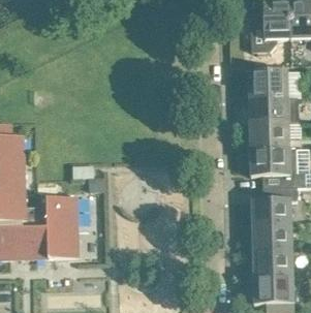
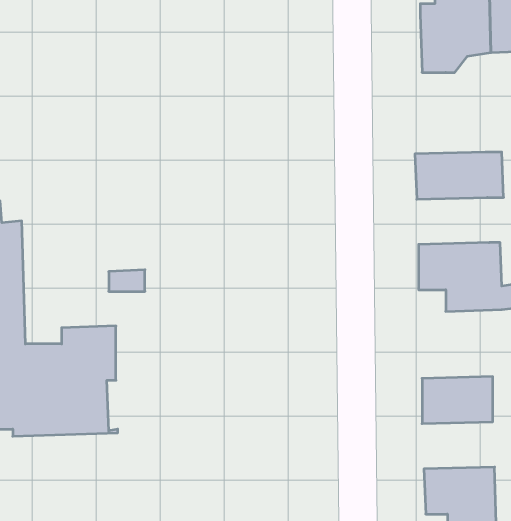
building: [248,69,288,96] -> none
building: [249,121,290,148] -> none
building: [251,185,298,224] -> none
building: [252,249,293,276] -> none

